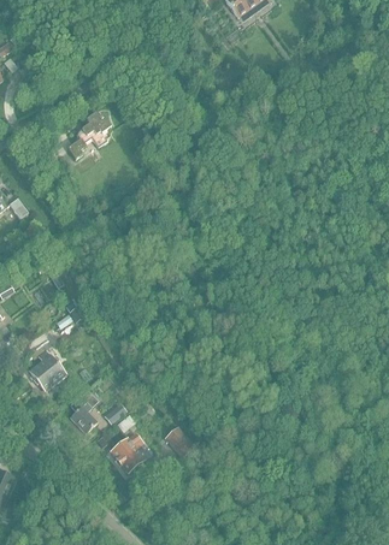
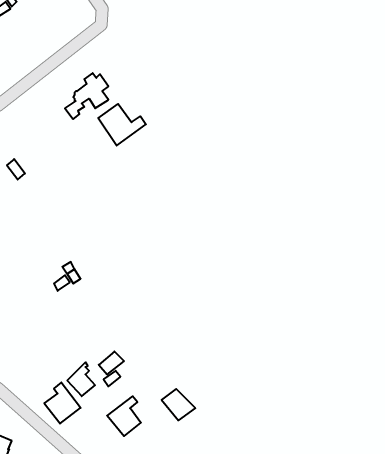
building: none -> [98,104,146,146]
building: [29,350,65,391] -> [44,382,81,424]

